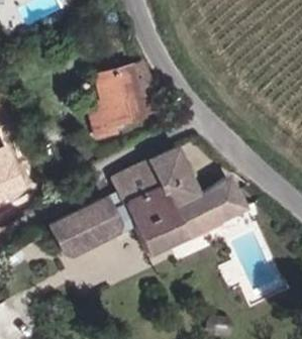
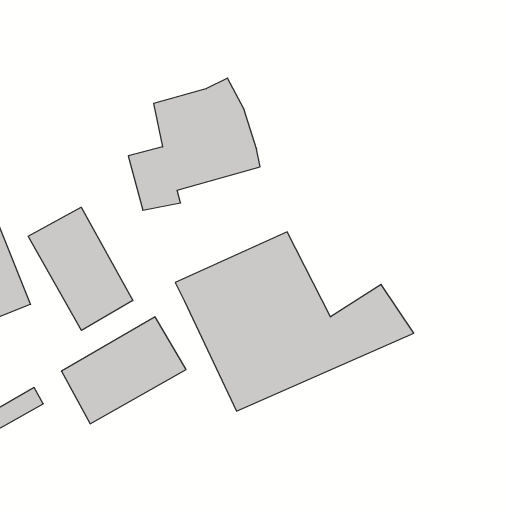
building: none -> [28,207,133,330]

